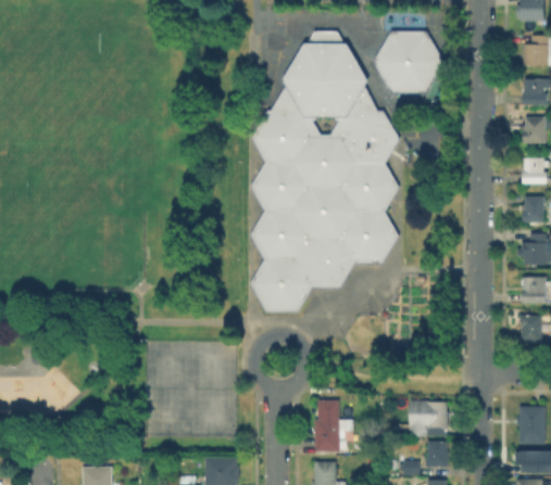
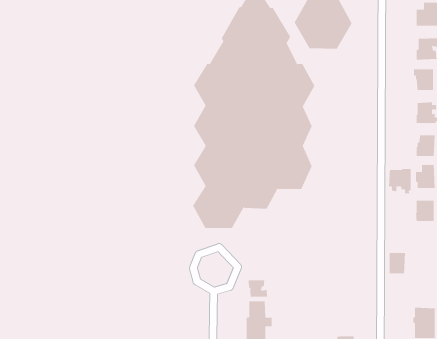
building: none -> [389,168,411,194]
building: [521,316,541,342] -> [389,252,406,274]
building: none -> [248,279,267,297]
building: [410,400,448,436] -> none

